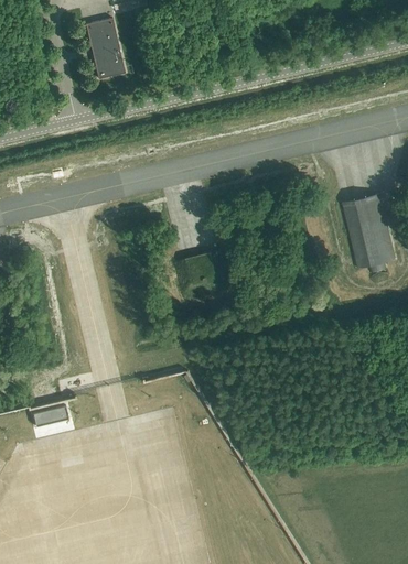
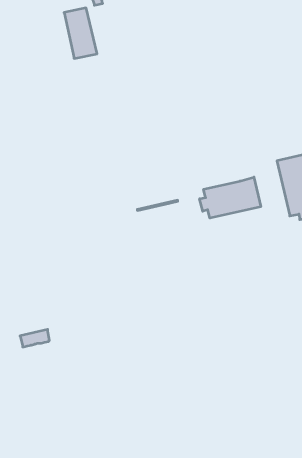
building: none -> [200,177,261,218]

